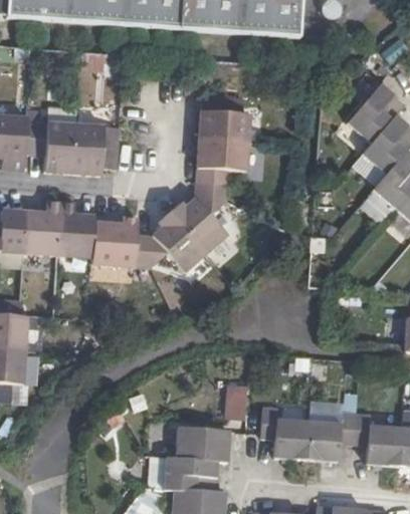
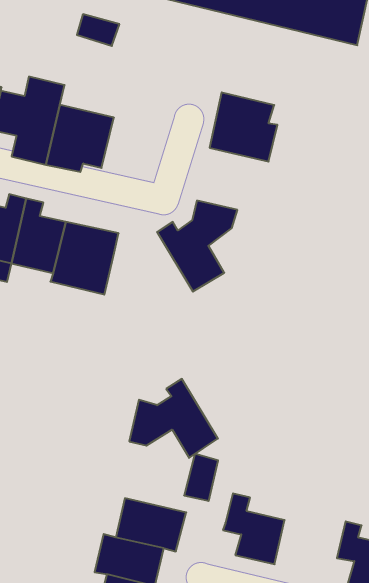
building: [196,138,247,183] -> none
building: [136,211,205,272] -> [129,379,218,458]
building: [305,413,356,460] -> none

